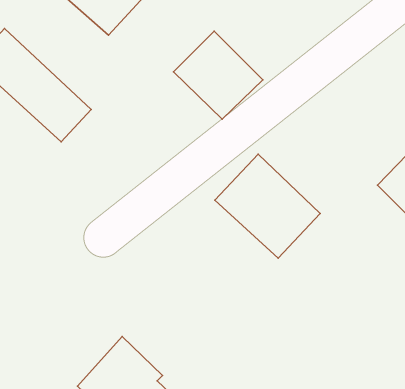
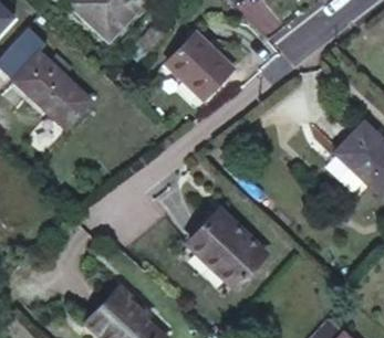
building: [215,154,320,258] -> [183,212,269,297]

